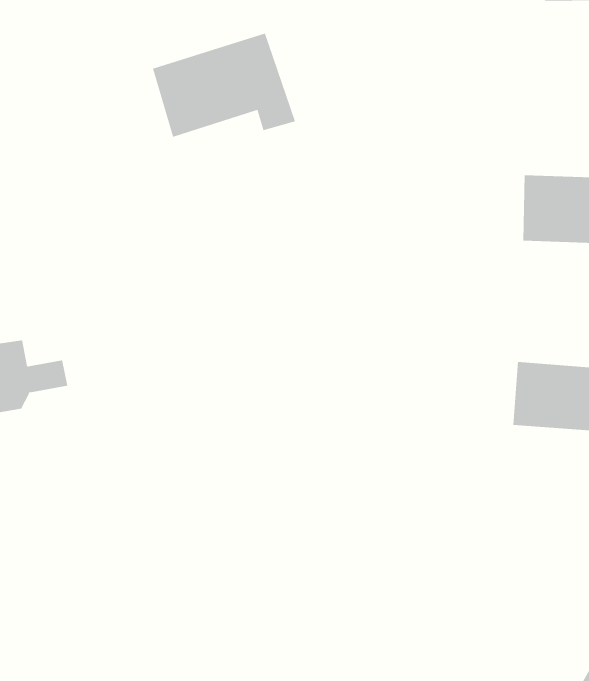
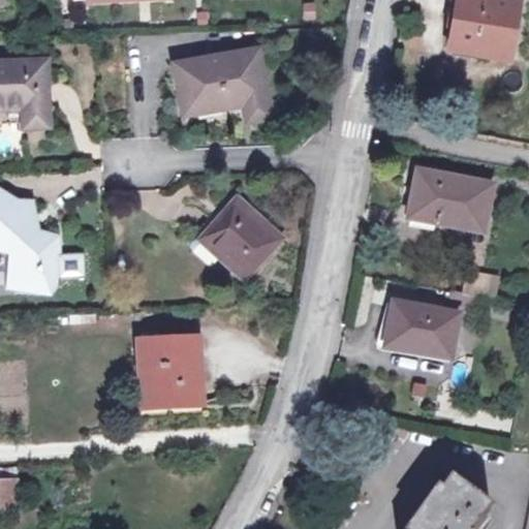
building: none -> [197,196,279,276]
building: none -> [142,337,204,404]

